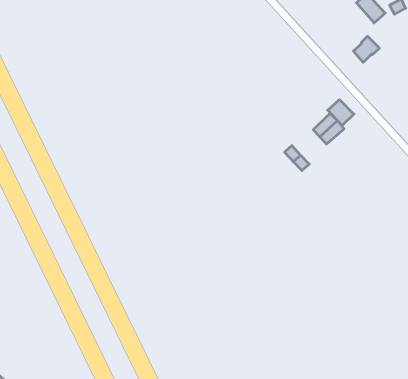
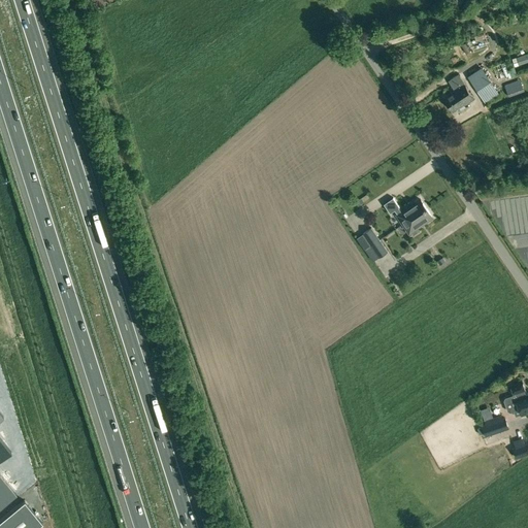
building: [353,36,379,62] -> [442,84,472,112]
building: [328,100,354,126] -> none

